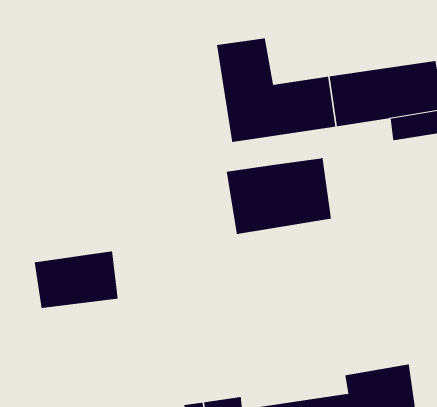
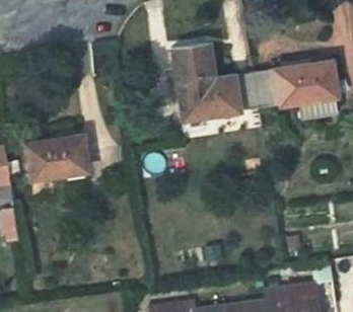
building: [226,157,332,235] -> none
building: [34,251,118,309] -> [28,137,89,178]

